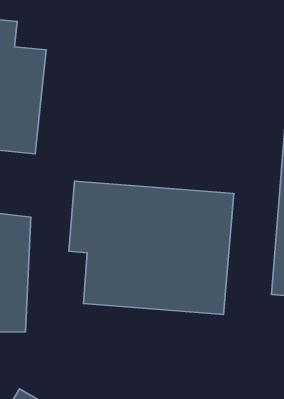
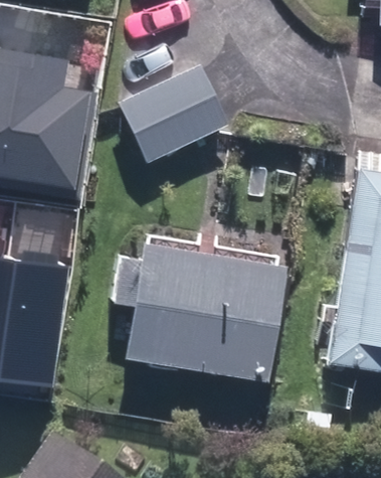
building: none -> [113,62,231,166]

